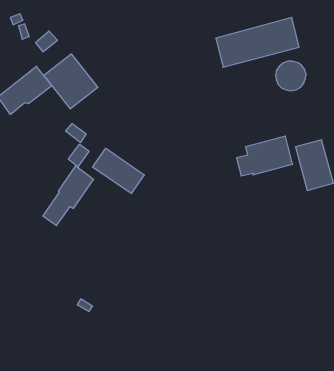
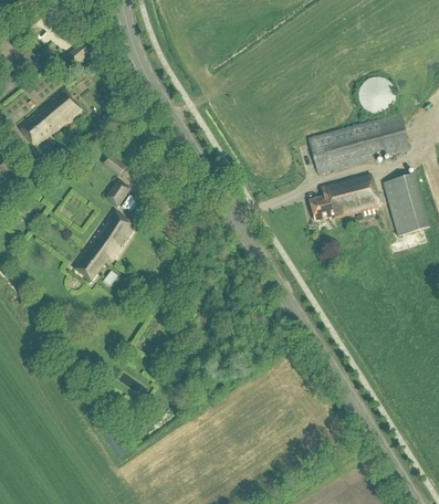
building: [216,17,299,67] -> [311,113,412,174]
building: [44,54,98,109] -> none
building: [93,148,144,194] -> none

